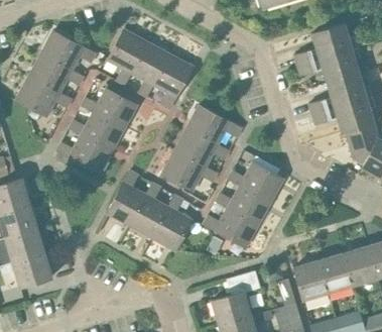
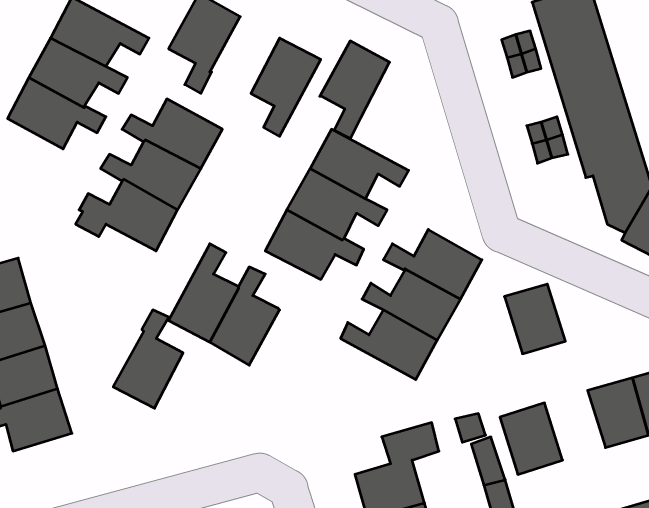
building: [130,42,169,98] -> [320,41,390,139]
building: [152,196,192,251] -> [113,310,183,408]
building: [319,253,353,293] -> [504,284,565,354]

